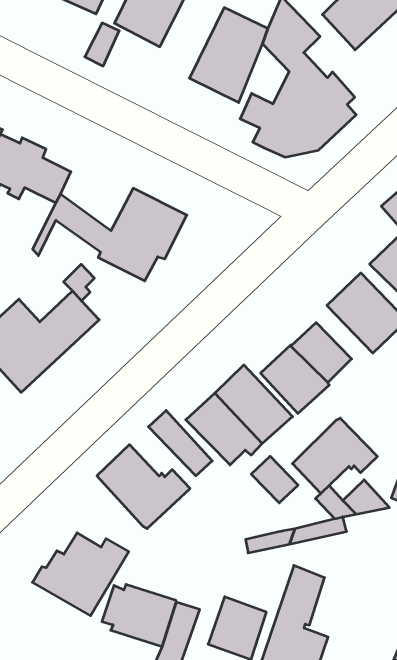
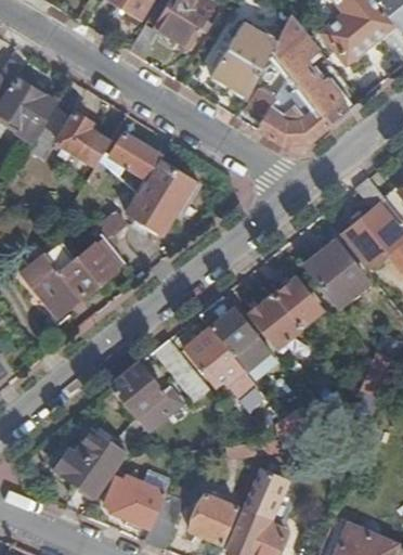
building: none -> [109,132,161,183]
building: [292,418,377,493] -> none

